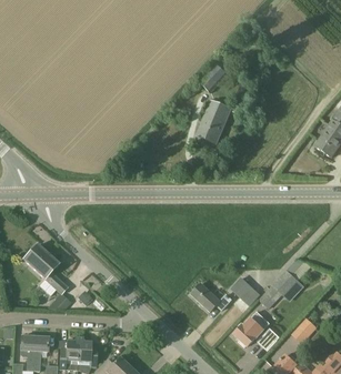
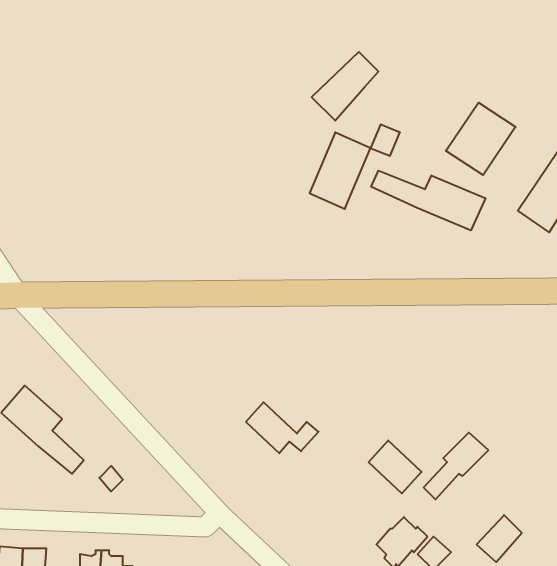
building: none -> [446,103,516,175]
building: none -> [371,171,485,230]
building: [191,283,232,312] -> [246,402,319,453]

